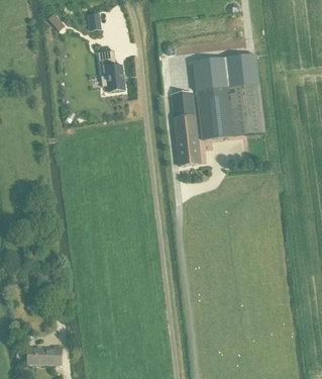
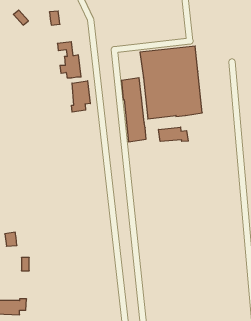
building: none -> [72,81,90,112]
building: none -> [159,127,188,141]

